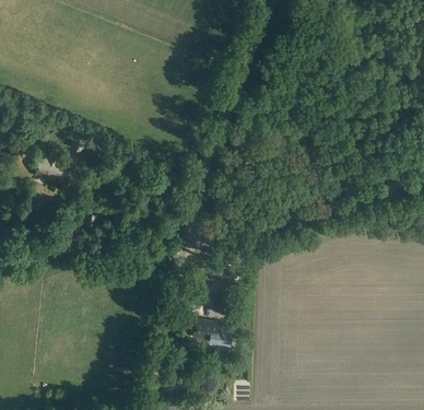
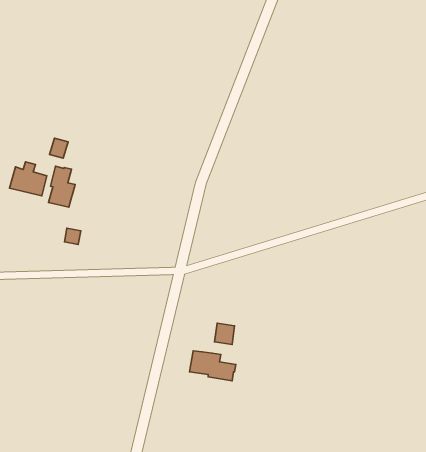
building: none -> [48,166,75,207]

